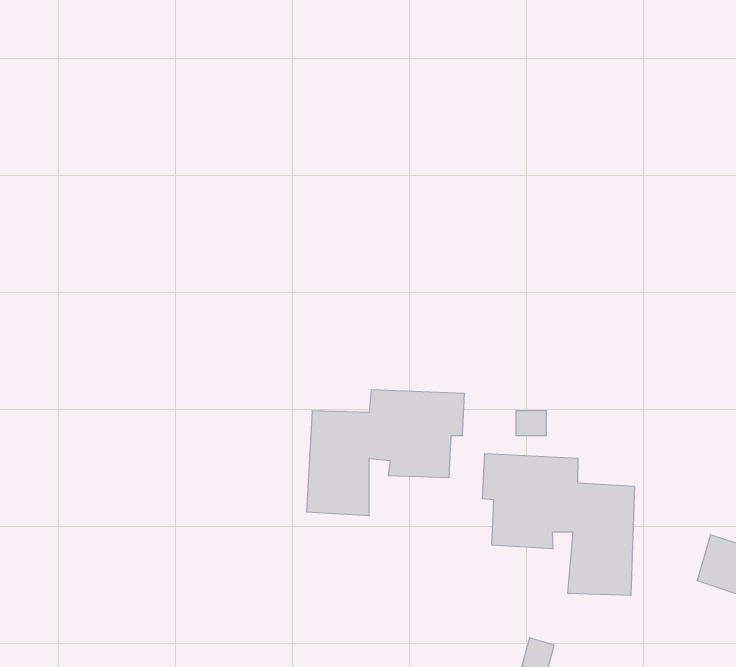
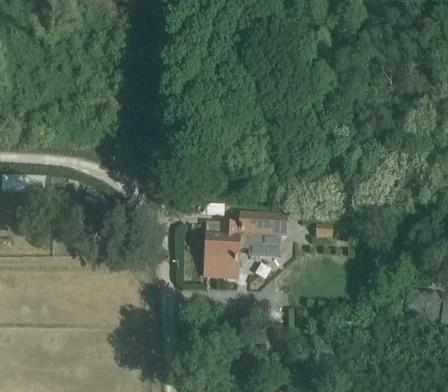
building: [483,453,635,595] -> none

